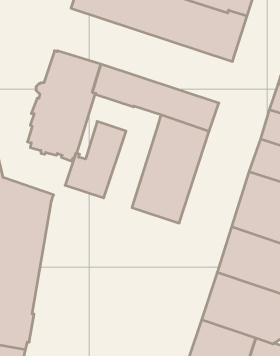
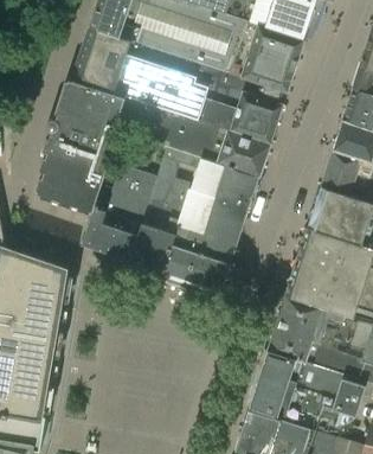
building: none -> [72,27,287,143]
building: none -> [129,147,199,271]

